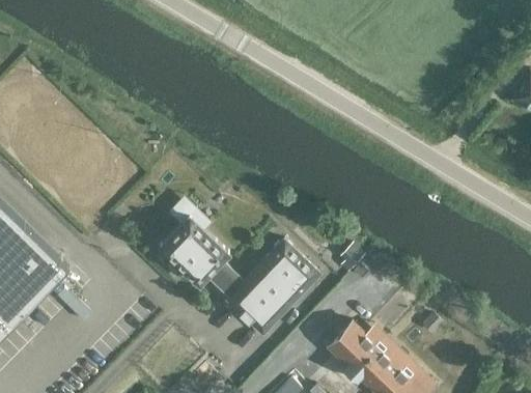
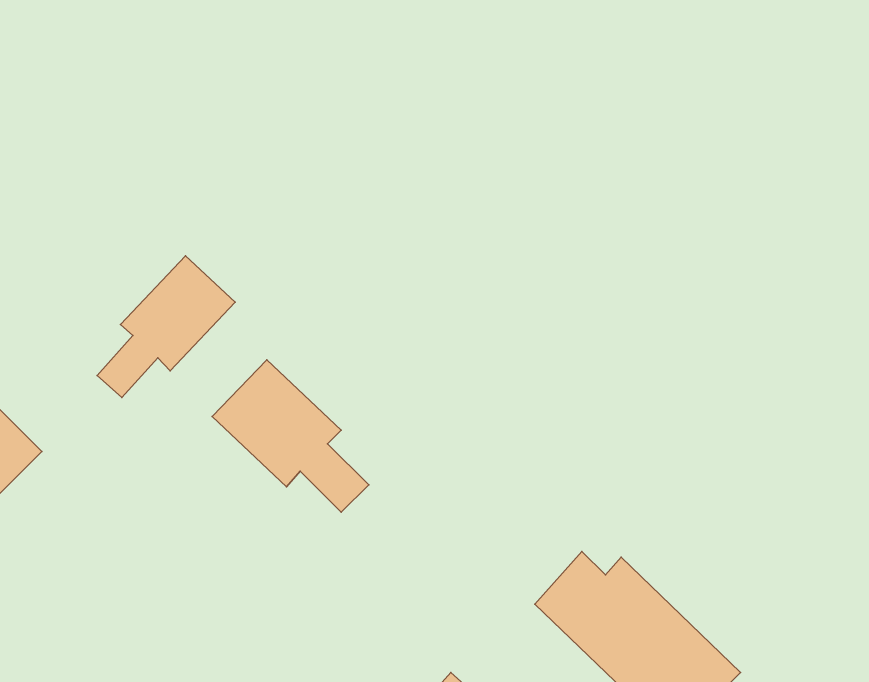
building: none -> [97,256,235,398]
building: [223,240,317,334] -> none

